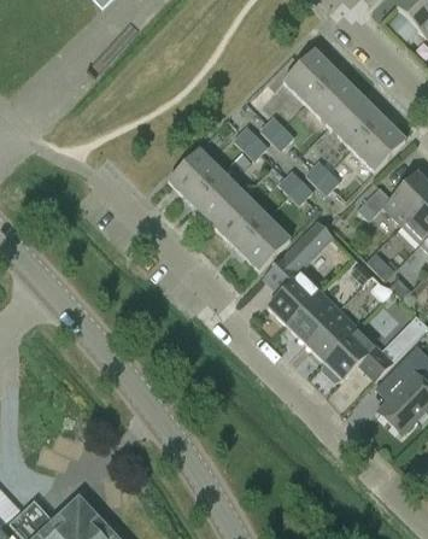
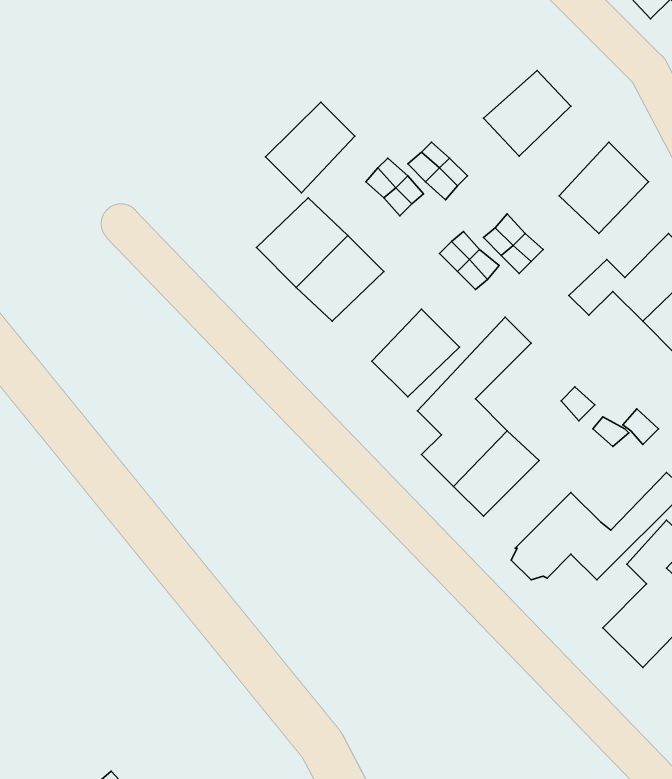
building: [282,48,336,100] -> none
building: none -> [265,102,355,193]
building: [326,93,380,147] -> none
building: [212,193,266,247] -> none
building: [304,307,357,361] -> none

